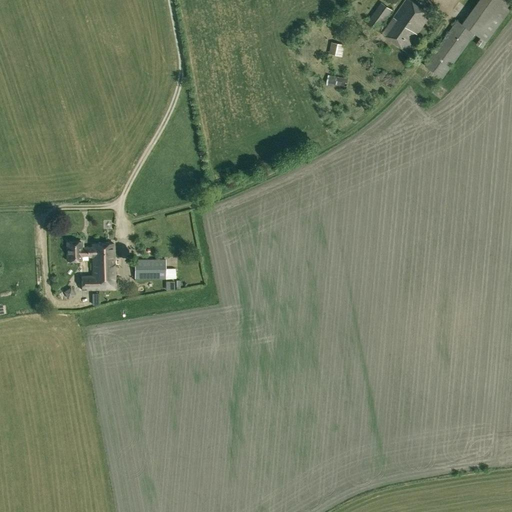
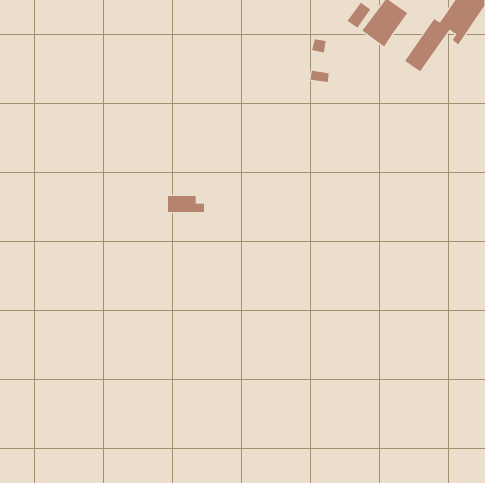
building: [67,240,115,289] -> none
building: [135,259,175,277] -> [167,195,205,213]

